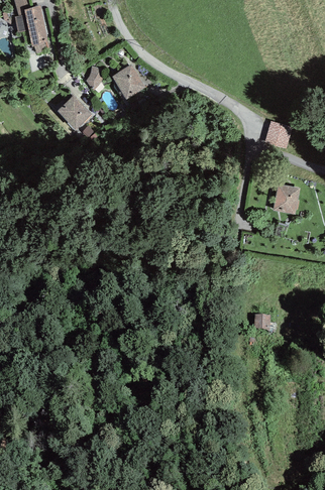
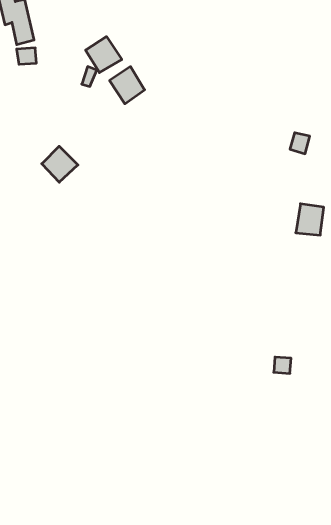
building: none -> [86,37,122,73]
building: [60,96,91,127] -> [42,146,78,182]

